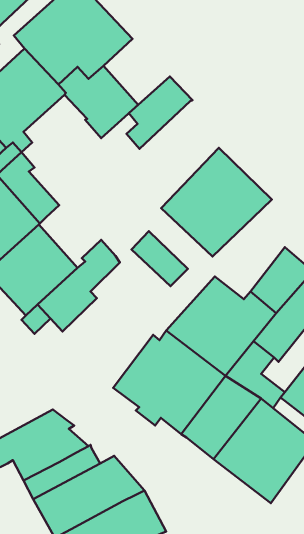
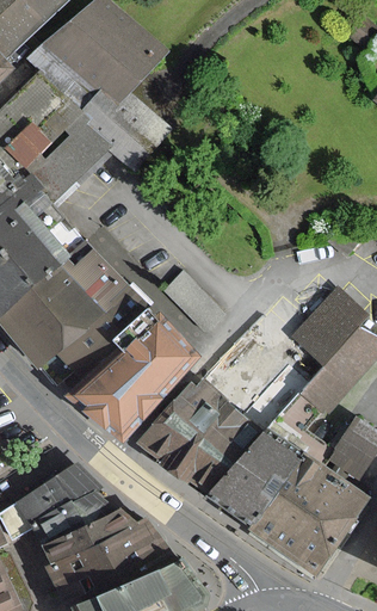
building: [127,76,192,149] -> [42,121,115,200]
building: [161,148,272,257] -> none
building: none -> [61,245,130,311]
building: none -> [74,306,200,438]

